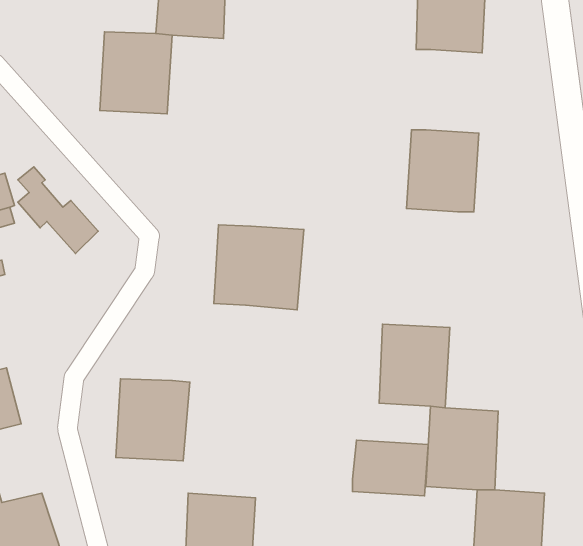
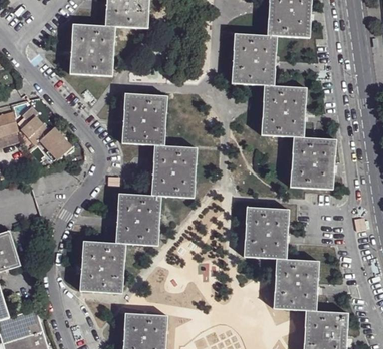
building: none -> [232,33,277,85]
building: none -> [122,93,167,145]
building: none -> [290,136,336,189]
building: none -> [115,193,161,245]
building: [352,440,428,496] -> none

